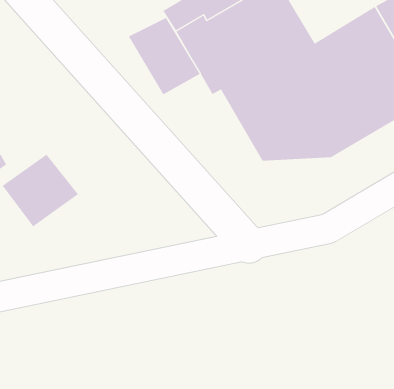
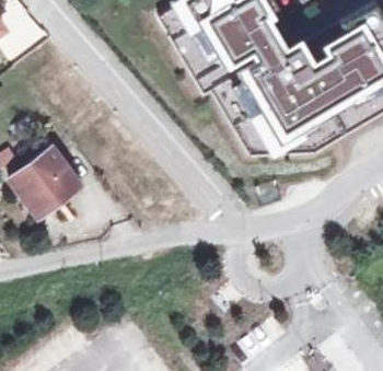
building: [128,17,200,95] -> none

